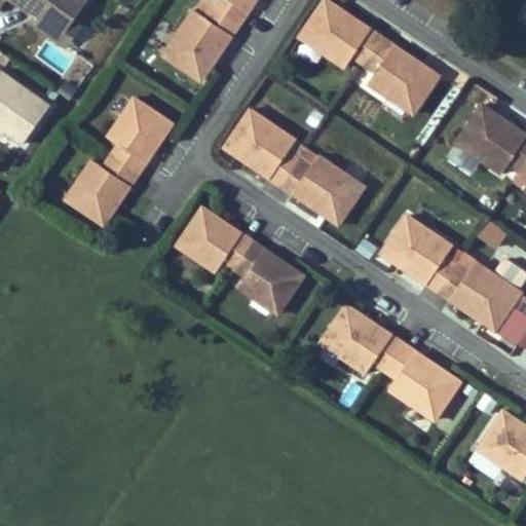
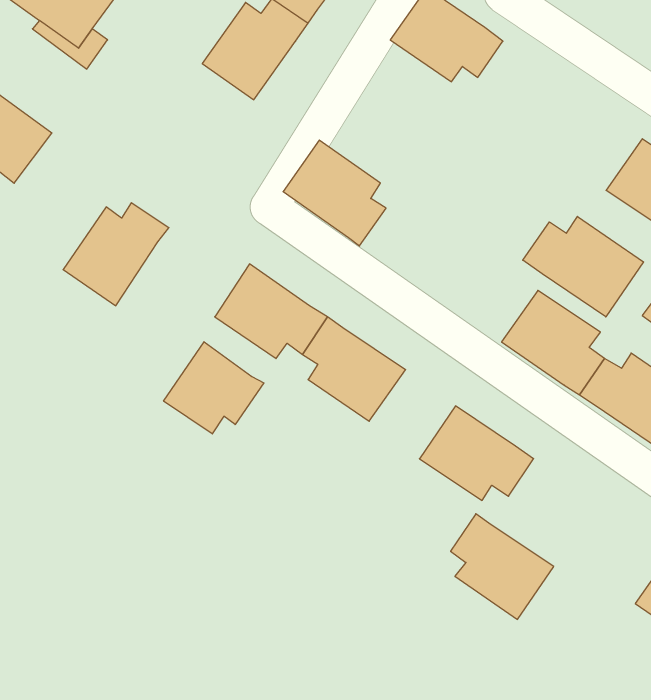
building: [365,36,440,113] -> none
building: [106,90,176,174] -> none
building: [277,156,362,227] -> none
building: none -> [523,216,644,317]
building: none -> [164,342,264,434]
building: [387,344,463,422] -> [451,514,554,619]

